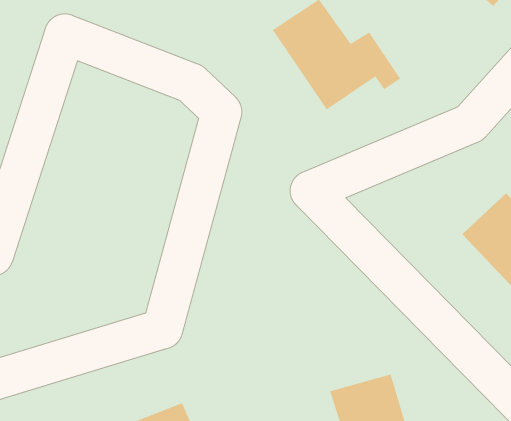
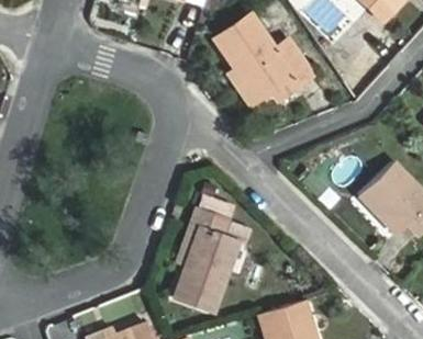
building: none -> [174,211,237,310]

